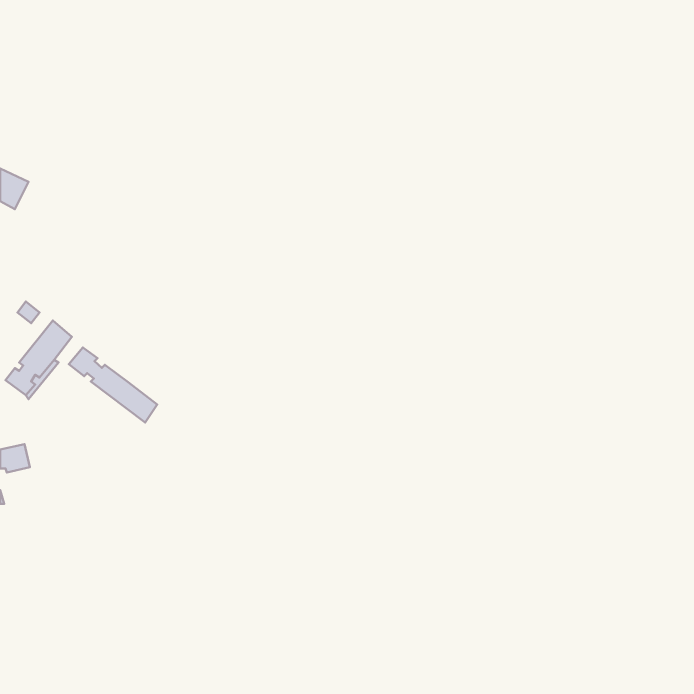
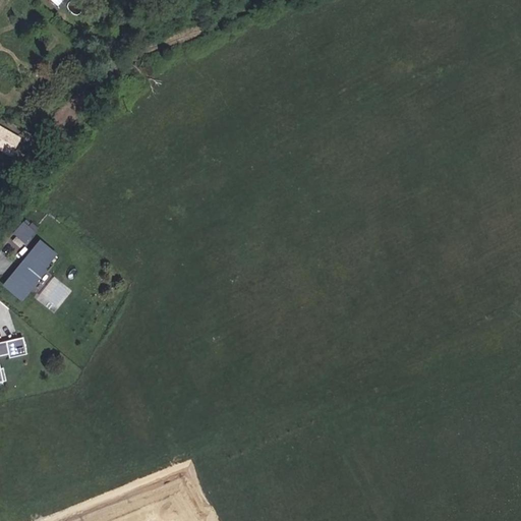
building: [69,348,157,423] -> none

